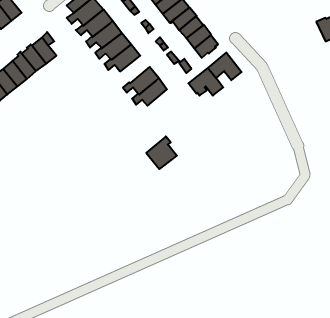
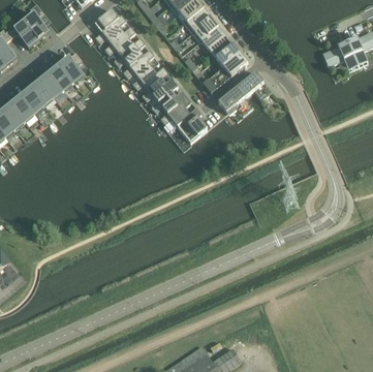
building: none -> [328,39,355,63]
building: none -> [142,73,178,101]
building: [146,136,177,169] -> [176,107,207,141]

